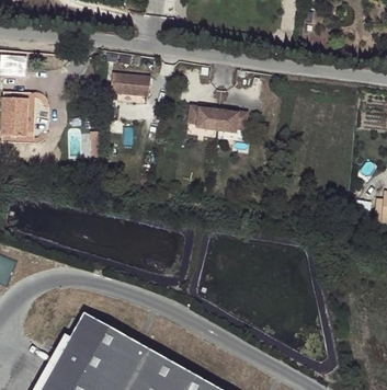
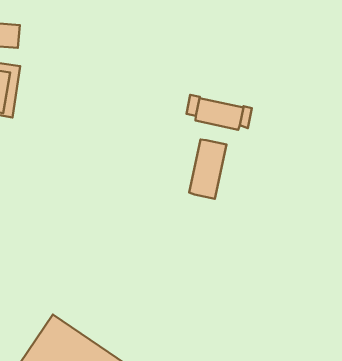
building: [117,71,155,93] -> none
building: none -> [189,140,227,199]

